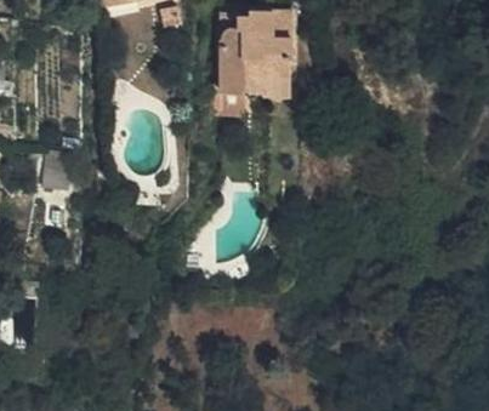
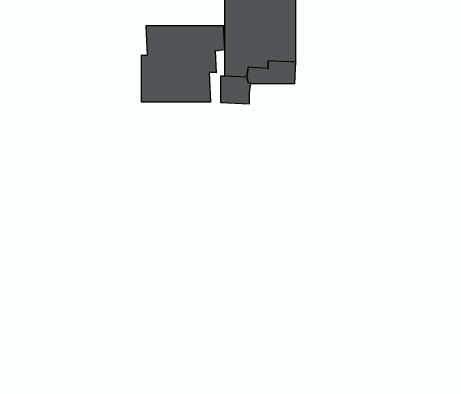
building: none -> [142,26,224,102]

